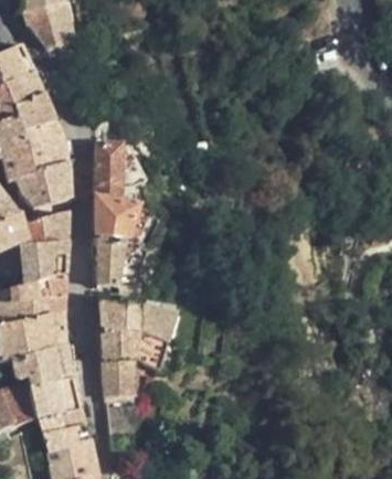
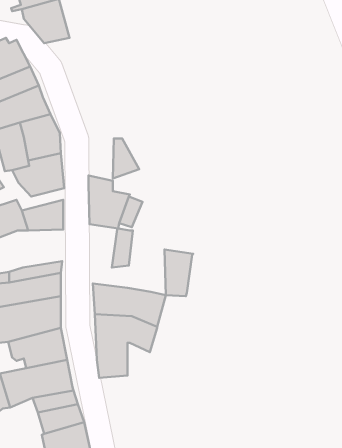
building: [95,146,121,192] -> none
building: [96,237,126,286] -> [165,250,193,296]
building: [21,243,68,283] -> none

